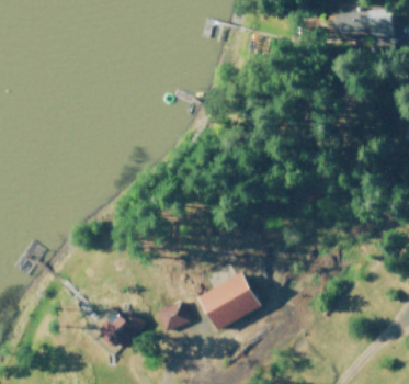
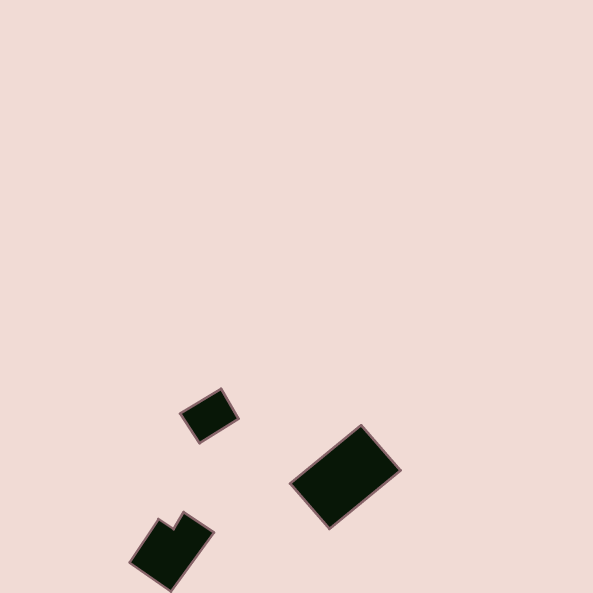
building: [161,300,193,328] -> [180,389,239,443]

